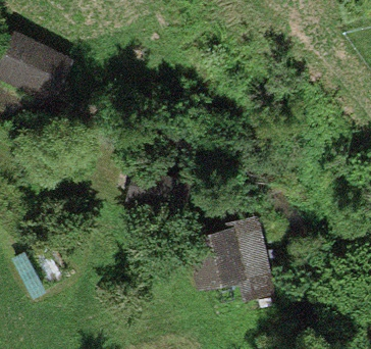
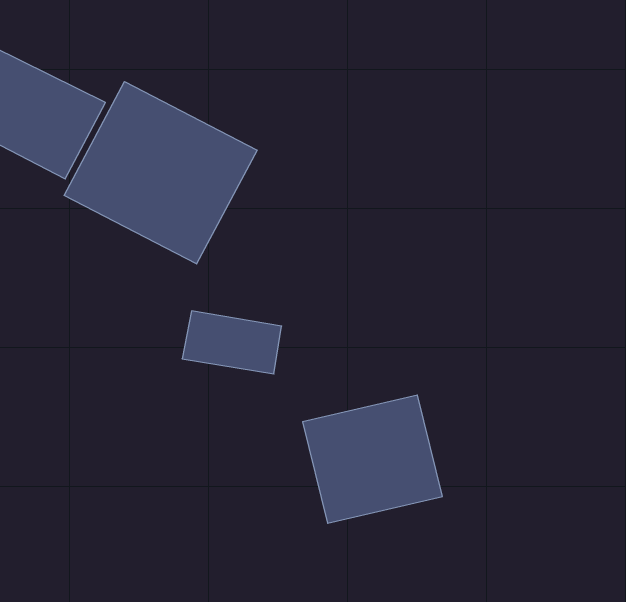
building: none -> [64,82,257,264]

